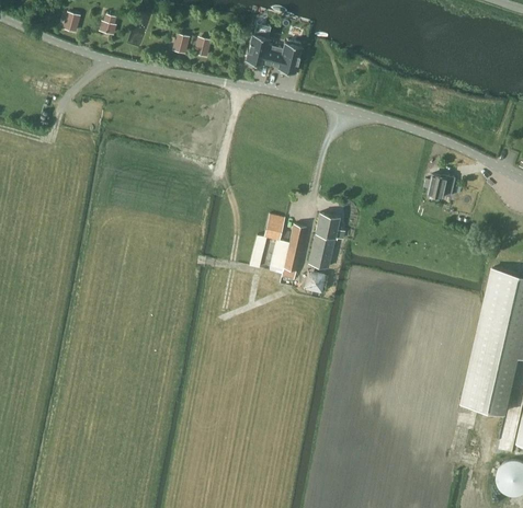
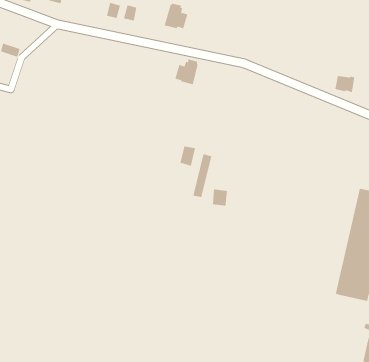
building: [269,43,299,76] -> [174,59,199,85]
building: [428,176,454,198] -> [334,75,355,93]
building: [307,215,343,269] -> none

